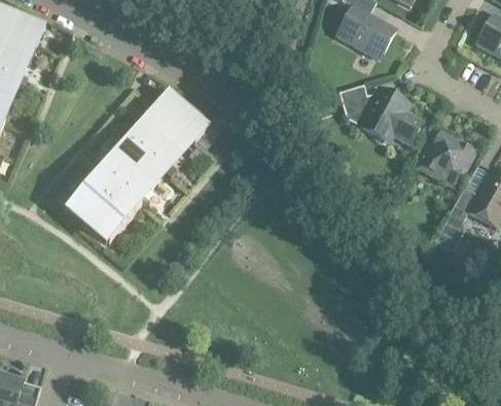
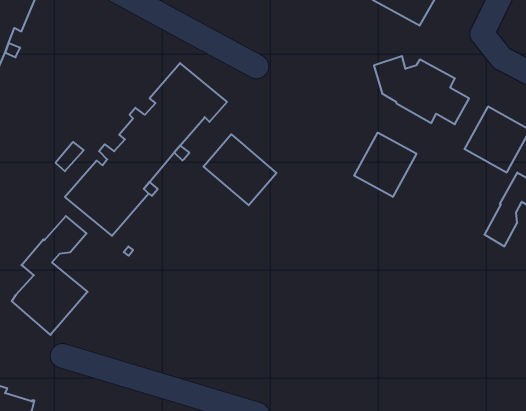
building: none -> [354,133,416,197]
building: none -> [203,134,276,205]
building: none -> [12,216,88,335]

